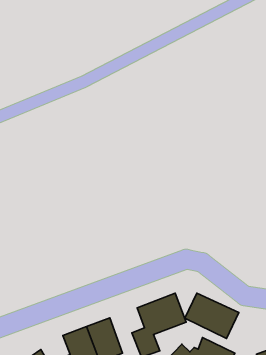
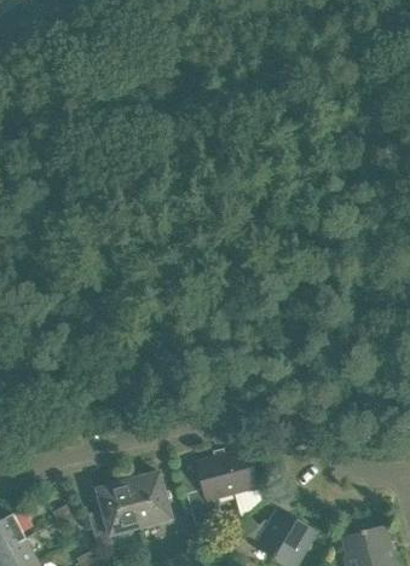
building: [185,293,239,339] -> none

